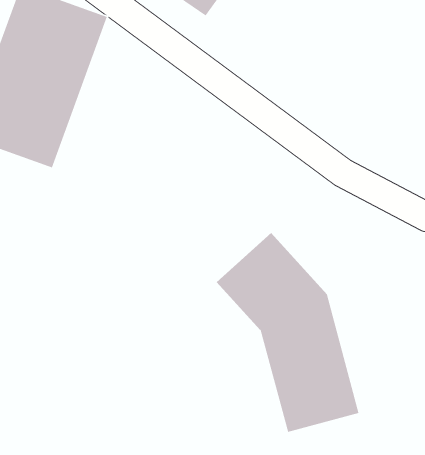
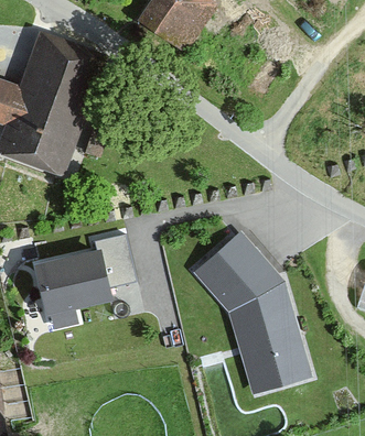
building: none -> [32,242,108,327]

